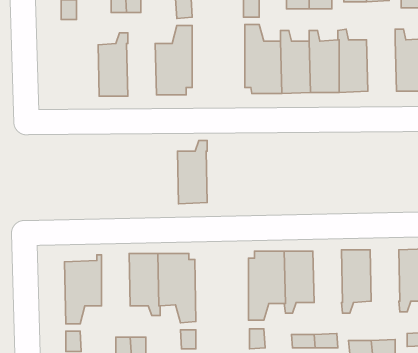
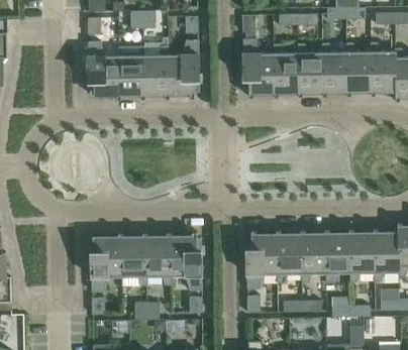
building: none -> [88,41,120,99]
building: none -> [346,42,372,95]
building: [177,140,207,204] -> [143,45,169,99]
building: none -> [301,229,326,282]
building: none -> [349,229,375,281]
building: none -> [122,232,147,285]

